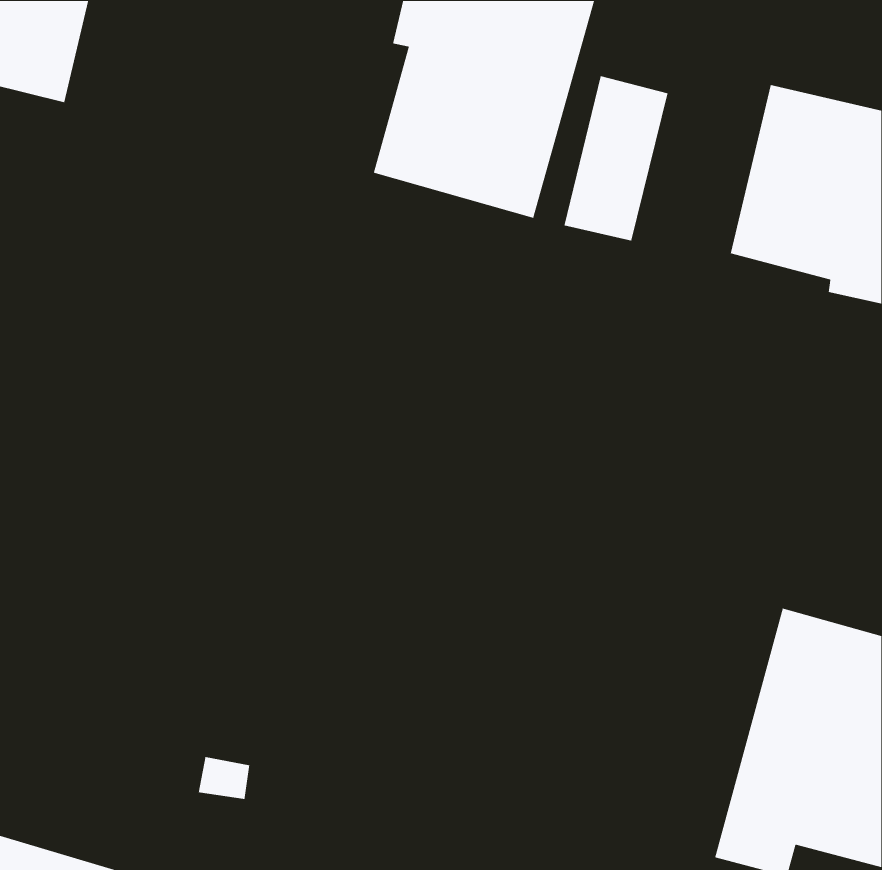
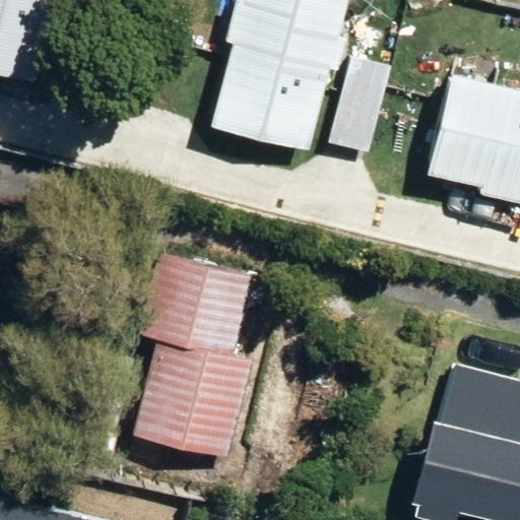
building: none -> [134,258,255,462]

